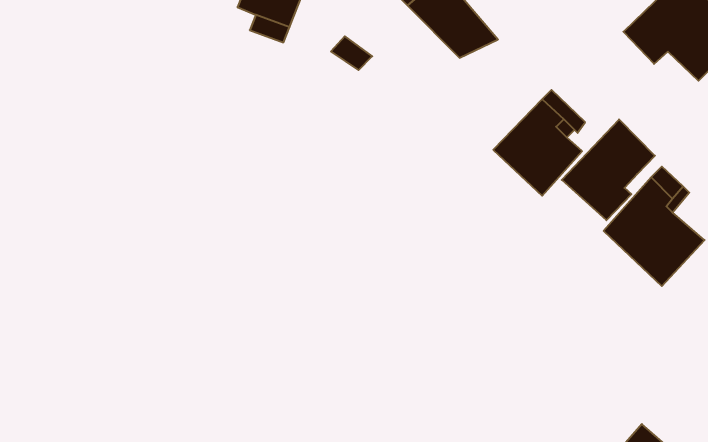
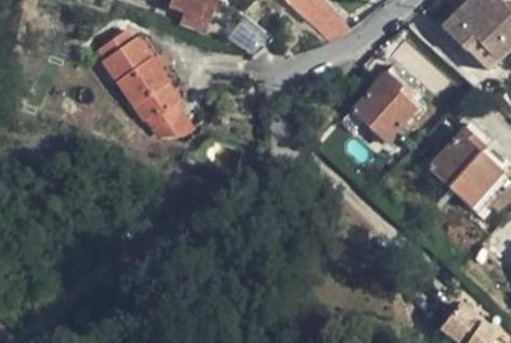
building: none -> [99,29,195,136]
building: [562,119,655,220] -> none

